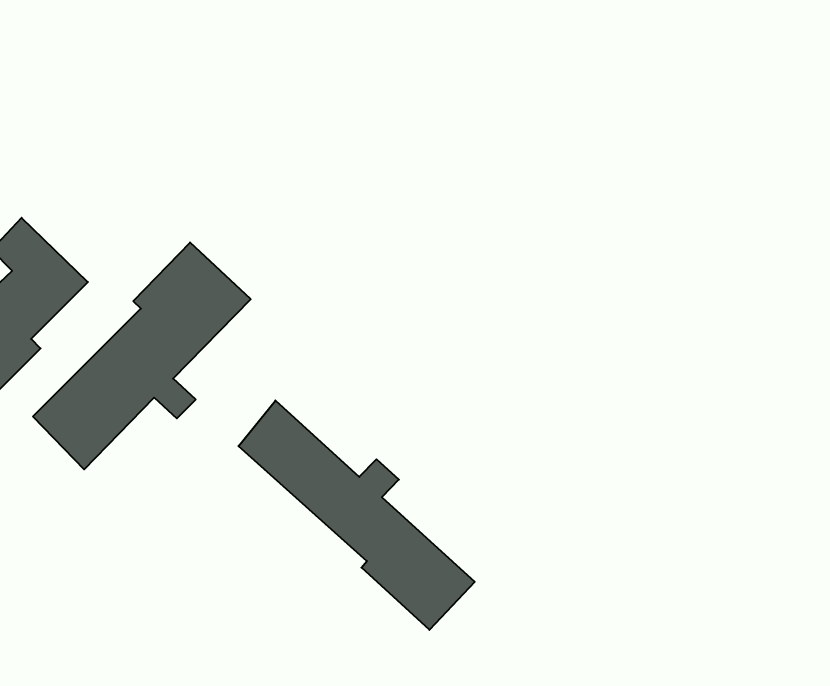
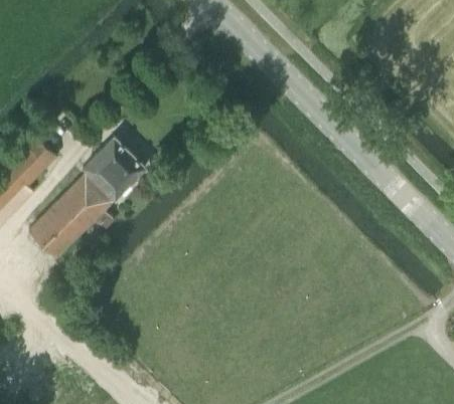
building: [238,400,475,630] -> none

